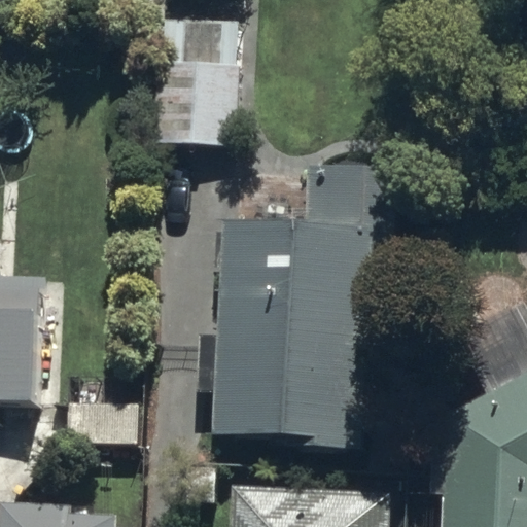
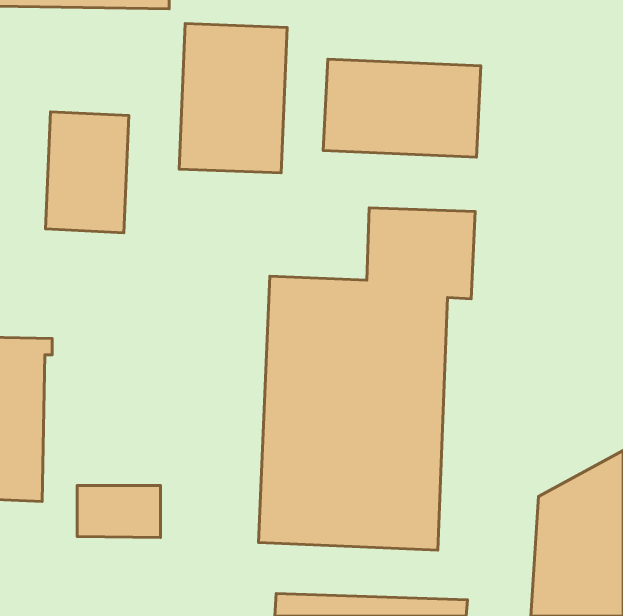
building: none -> [323,59,481,157]
building: none -> [46,112,129,233]

